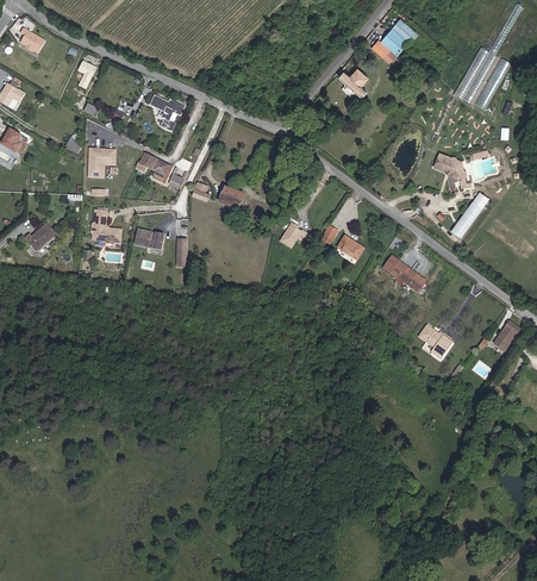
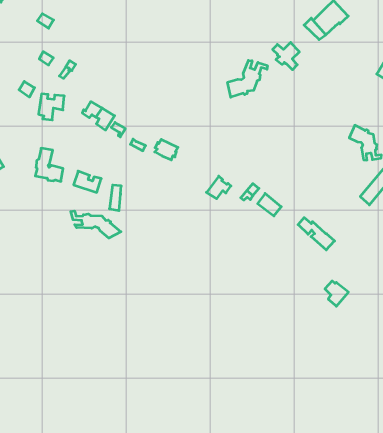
building: none -> [228,60,267,97]
building: [148,94,183,131] -> none
building: none -> [71,211,121,238]

